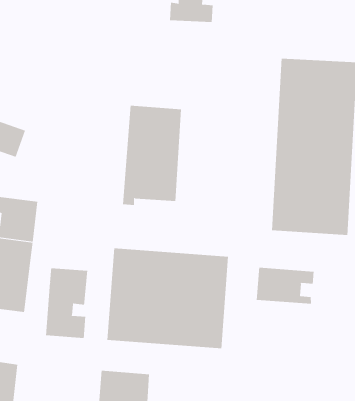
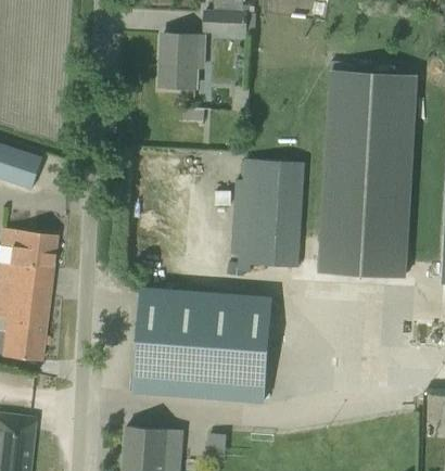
building: none -> [160,34,203,88]
building: [122,105,182,205] -> [236,160,303,272]
building: [256,267,314,305] -> none
building: [46,268,88,339] -> none

